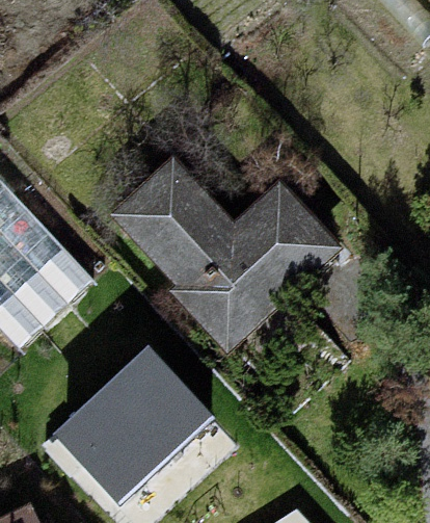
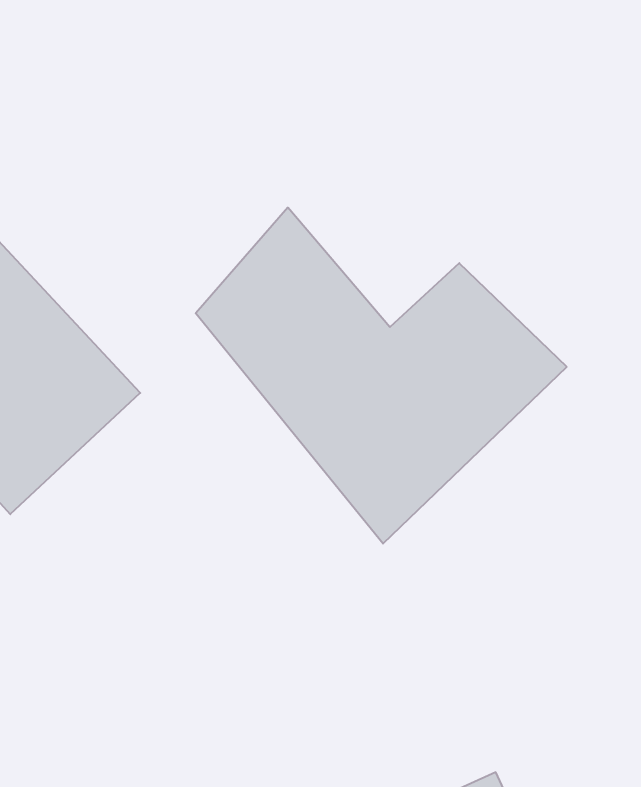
building: [47,343,210,504] -> none

